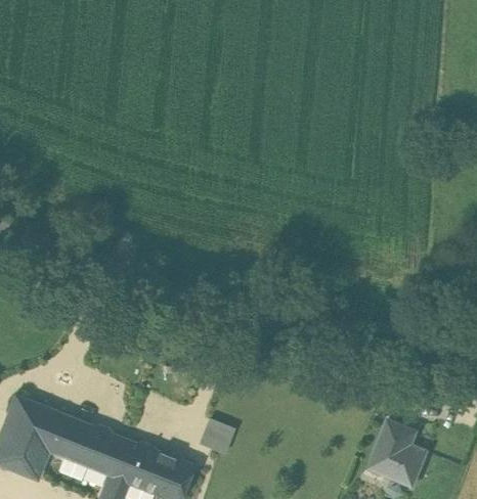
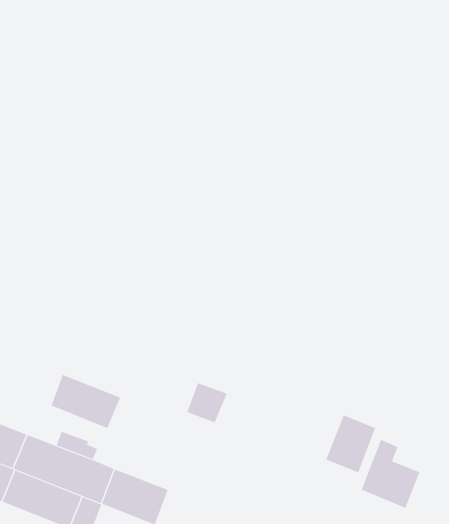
building: none -> [51,374,121,429]
building: none -> [326,414,376,473]
building: [198,416,235,454] -> [187,382,227,423]

